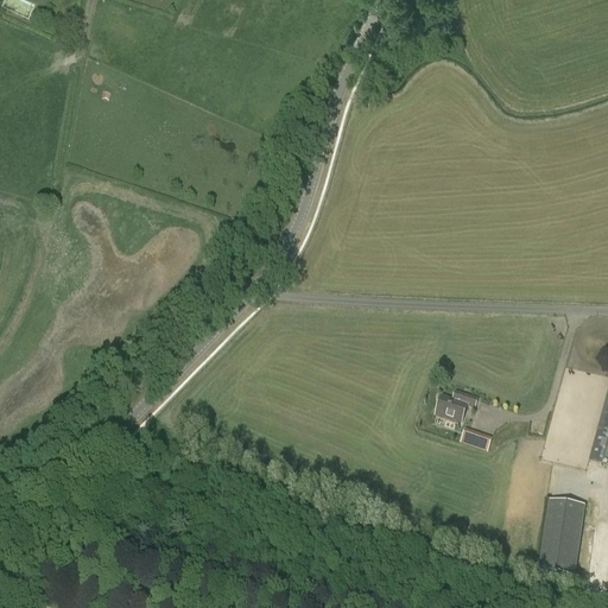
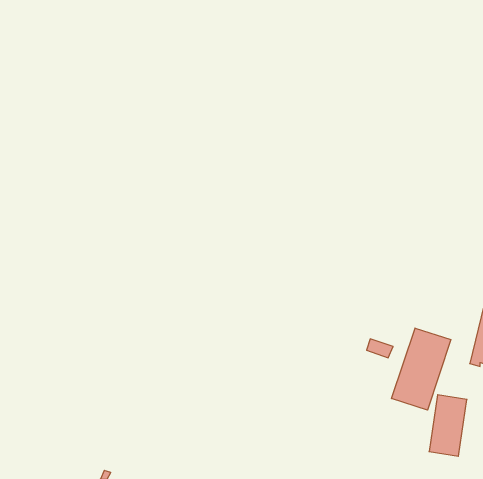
building: [437,390,480,420] -> none
building: none -> [392,328,451,410]

